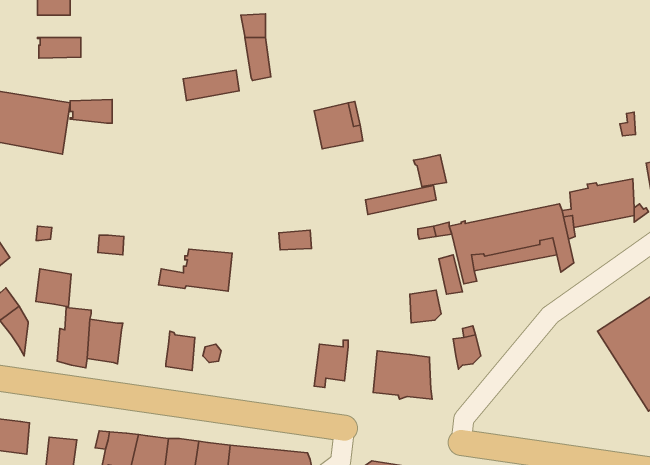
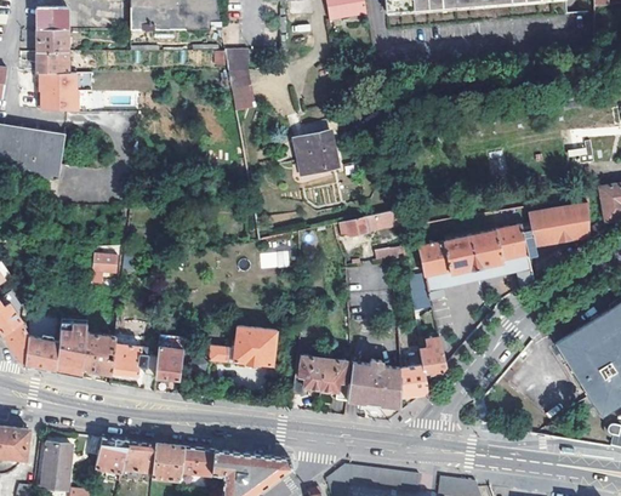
building: none -> [36,51,68,72]
building: [183,70,239,101] -> none
building: [70,100,112,123] -> [38,90,76,112]
building: [414,155,447,186] -> none
building: [159,249,232,291] -> [209,326,277,365]
building: [36,269,71,307] -> [24,336,57,371]
building: [410,290,441,323] -> [399,366,428,397]
building: none -> [110,342,158,377]
building: none -> [320,358,351,400]

